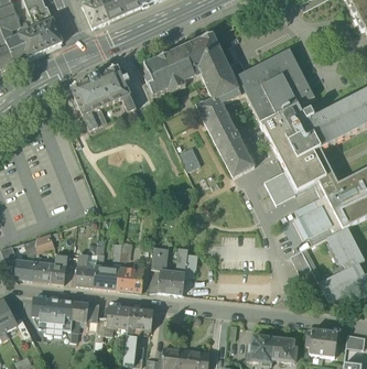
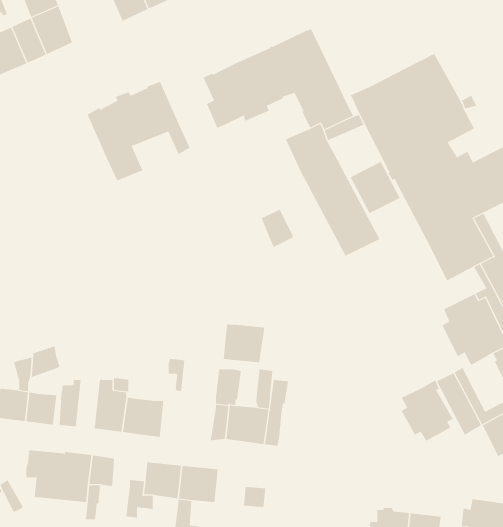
building: [263,172,295,205] -> [350,161,401,214]
building: none -> [401,380,453,442]
building: [117,267,143,292] -> [223,322,265,363]

